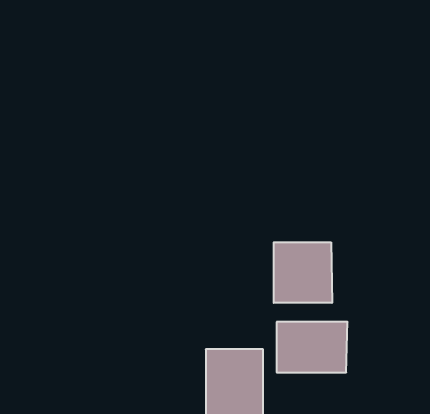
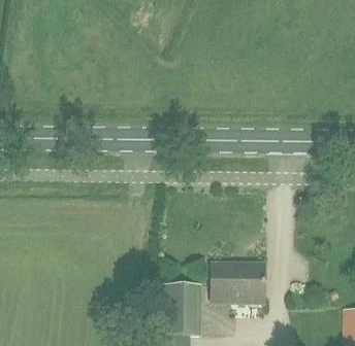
building: [274,242,332,303] -> none

